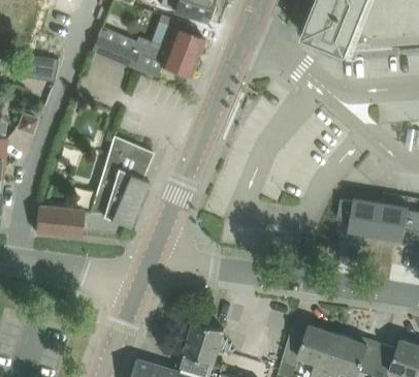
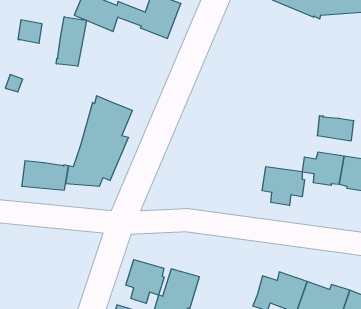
building: none -> [56,17,87,66]
building: none -> [318,116,354,141]
building: none -> [262,167,305,206]
building: none -> [126,260,164,303]

